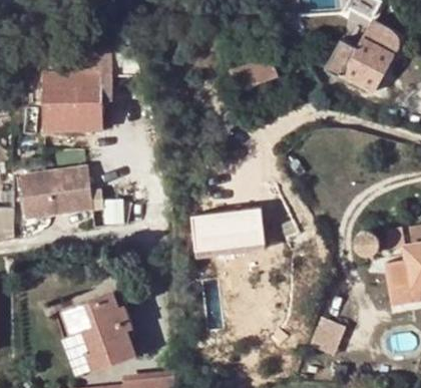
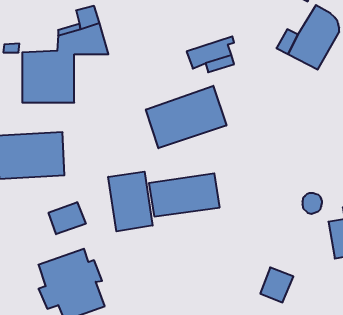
building: none -> [146,86,226,148]
building: none -> [108,172,153,231]
building: none -> [49,202,86,234]

